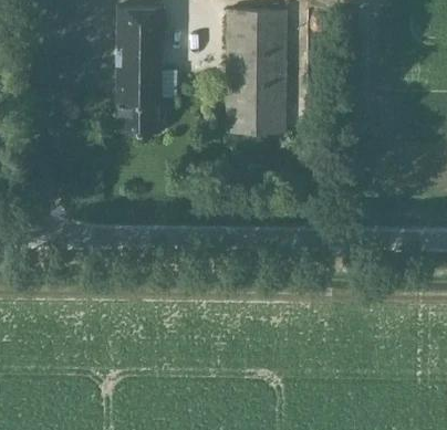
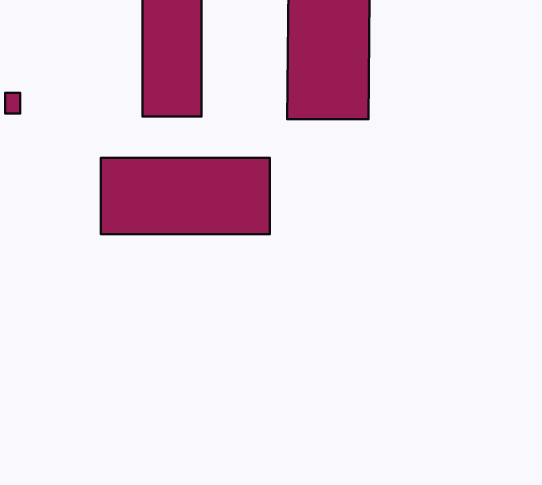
building: none -> [101,158,270,234]

